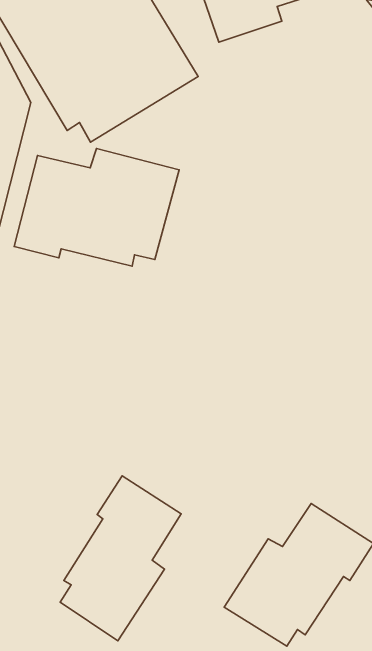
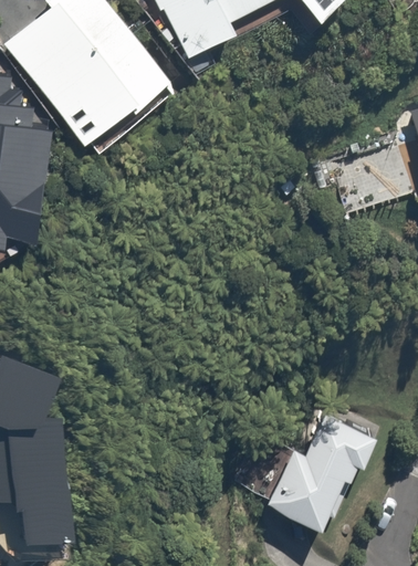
building: [14,148,179,266] -> none
building: [60,476,181,641] -> none

